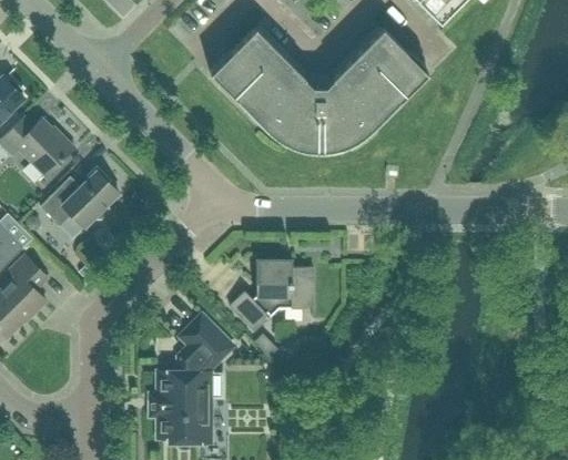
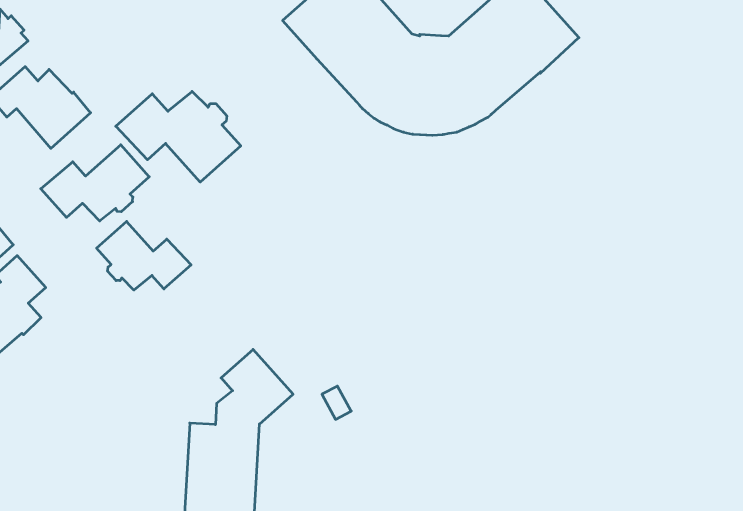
building: none -> [116,91,241,182]
building: none -> [97,221,191,290]
building: [229,259,313,331] -> none

